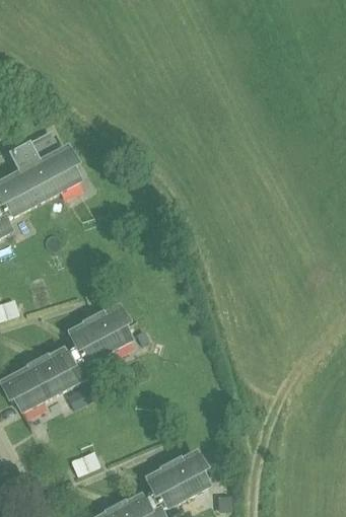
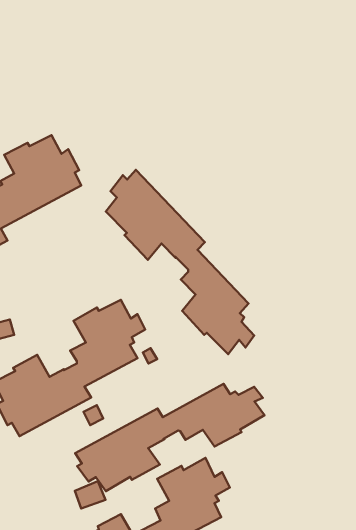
building: none -> [106,170,254,354]
building: none -> [75,384,265,491]

